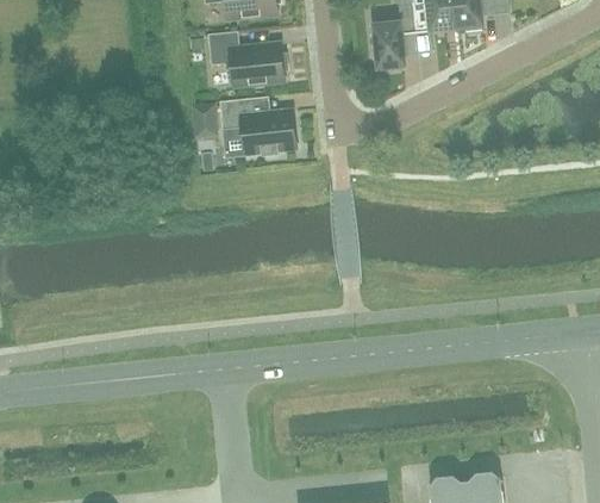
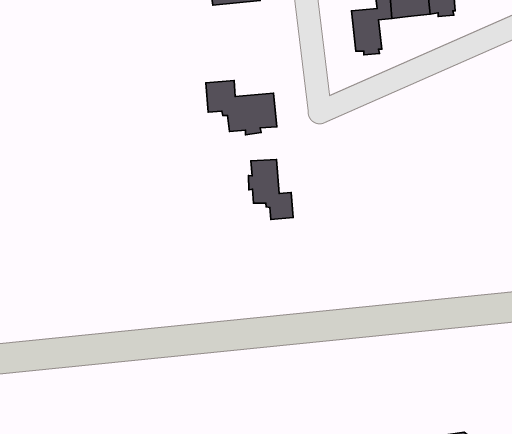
building: [207,32,287,86] -> none
building: none -> [249,159,293,219]

